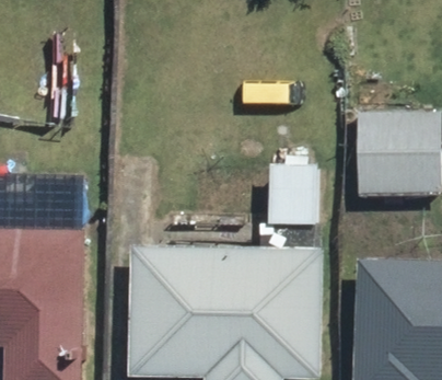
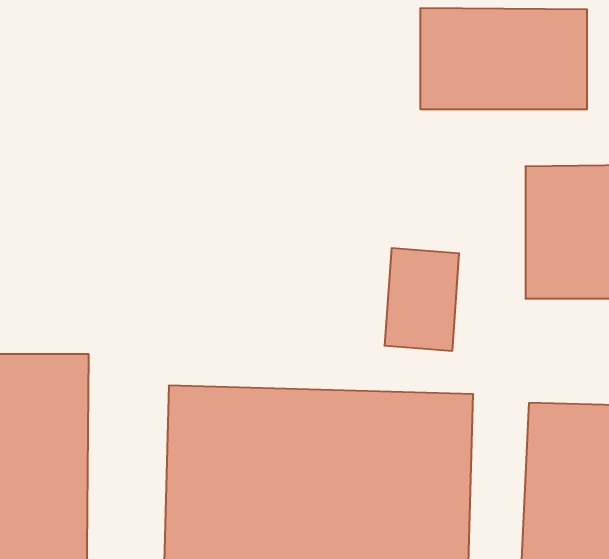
building: none -> [421,8,587,109]

